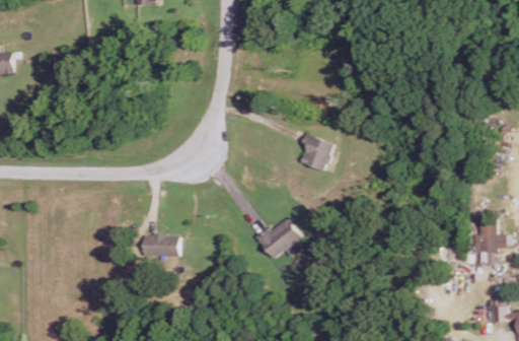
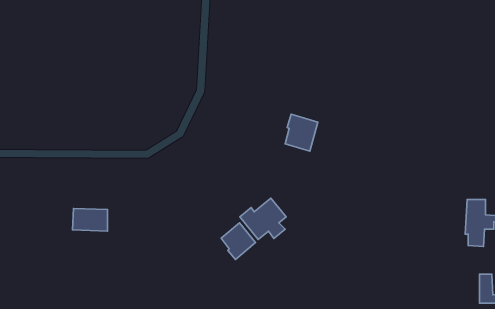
building: [144,234,178,257] -> [73,208,108,231]
building: none -> [221,223,256,259]

